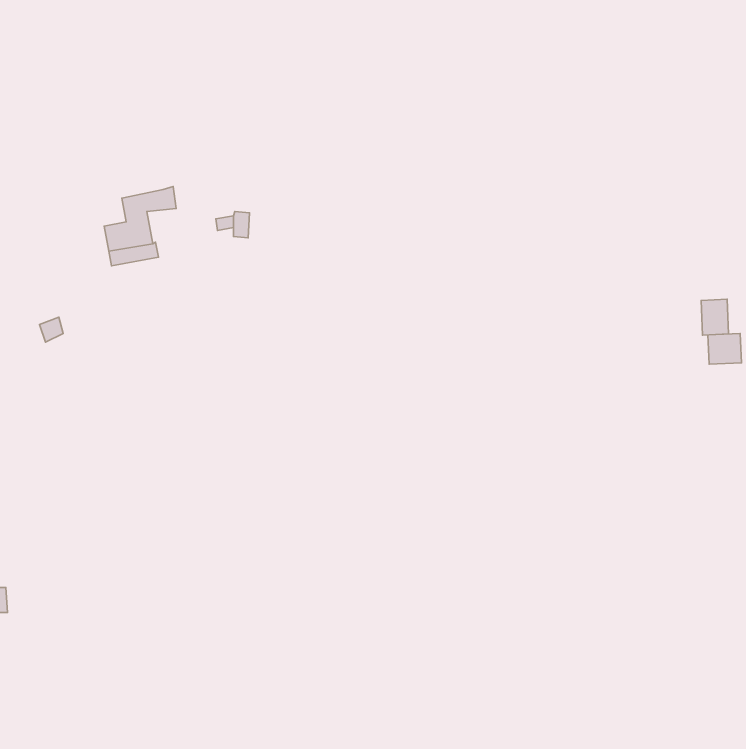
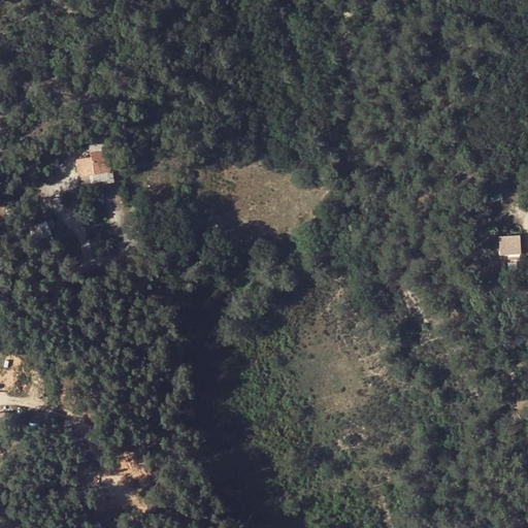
building: [701,299,729,335] -> none

